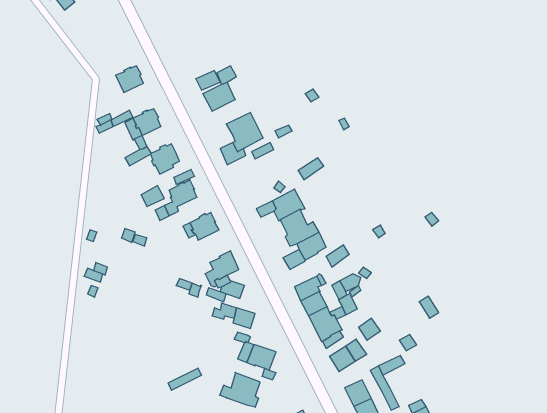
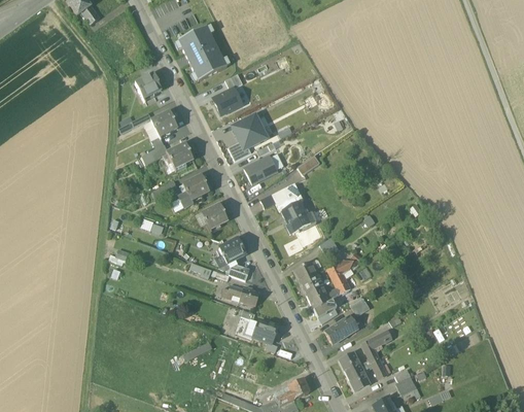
building: none -> [178,26,228,80]
building: none -> [244,156,277,183]
building: [220,372,260,407] -> none

